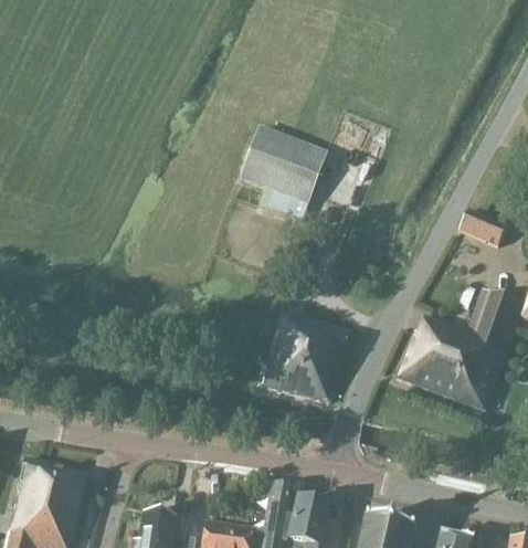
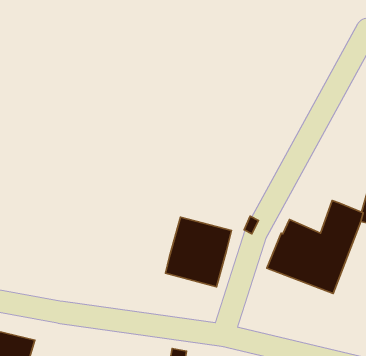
building: [240,127,327,220] -> none
building: [460,209,507,246] -> none

